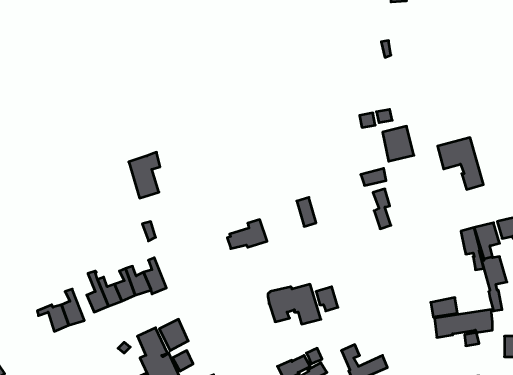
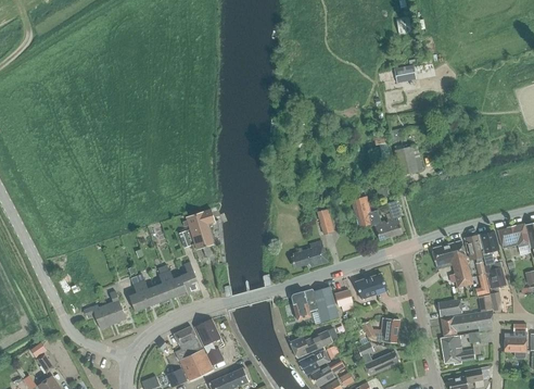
building: [438,138,483,189] -> [431,241,472,288]
building: [129,152,160,198] -> [186,209,214,250]
building: none -> [351,198,392,240]
building: [227,220,267,249] -> [291,241,327,267]
building: none -> [355,274,386,299]
building: none -> [361,318,399,343]
building: none -> [290,330,332,359]
building: none -> [440,336,474,364]

